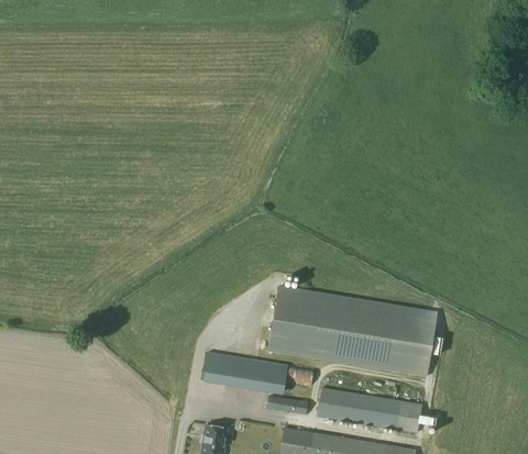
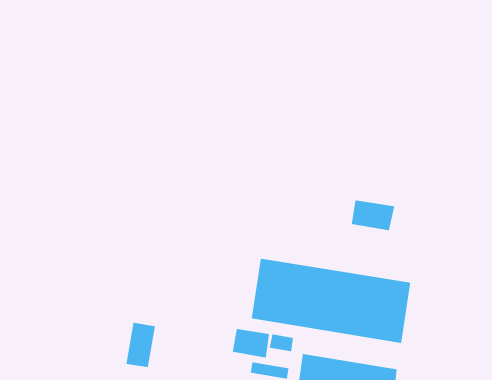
building: none -> [351,200,395,231]
building: [205,353,237,401] -> [125,322,156,368]

